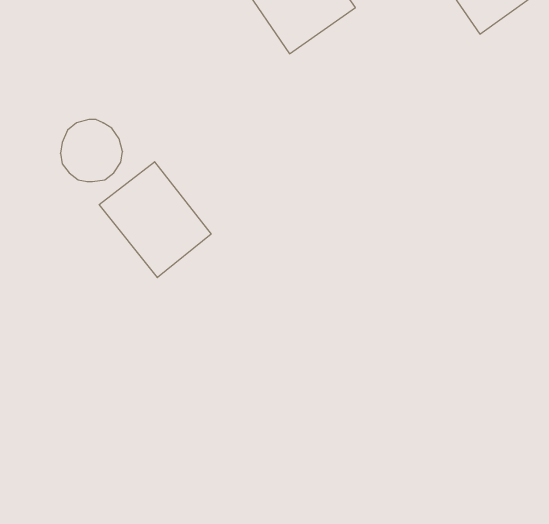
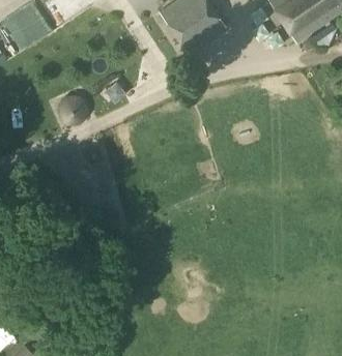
building: [99,162,211,278] -> none

